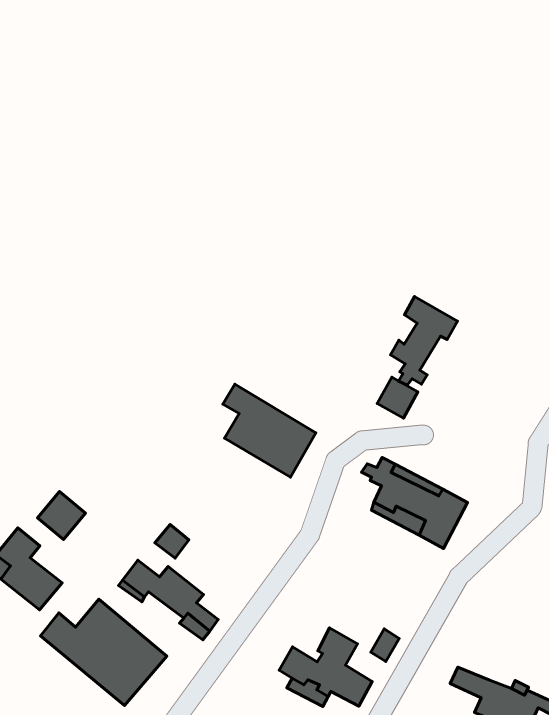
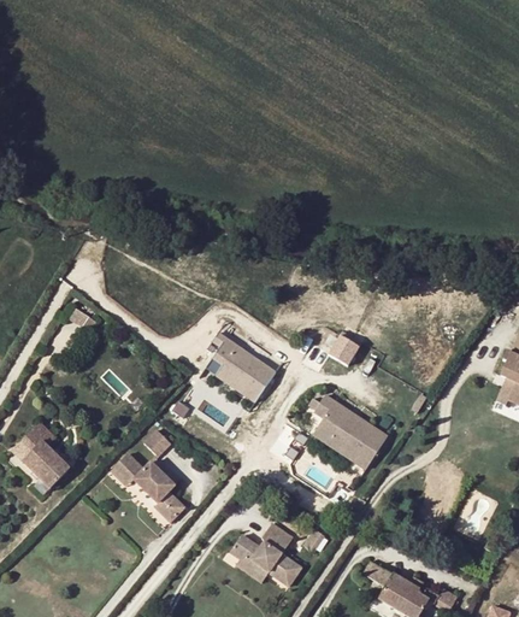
building: [390,296,457,385] -> none
building: [38,491,85,539] -> none
building: [40,599,167,706] -> none

